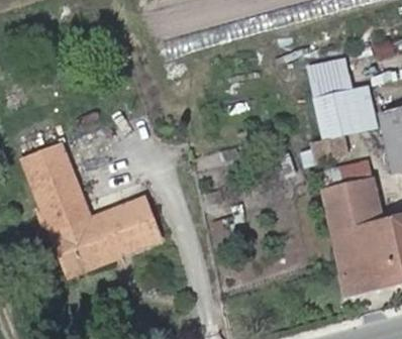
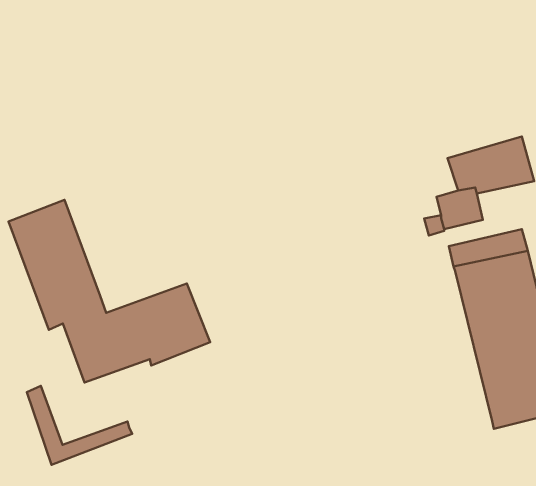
building: [307,64,365,115] -> none
building: [57,223,125,274] -> [27,386,132,465]

